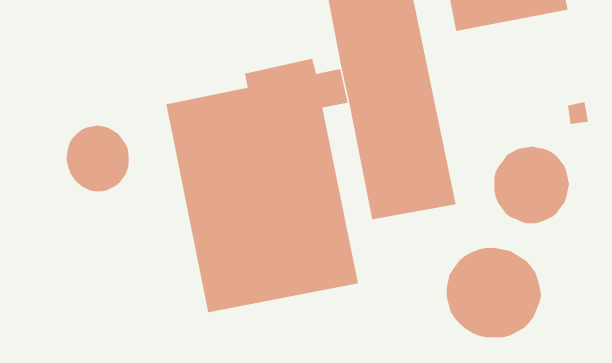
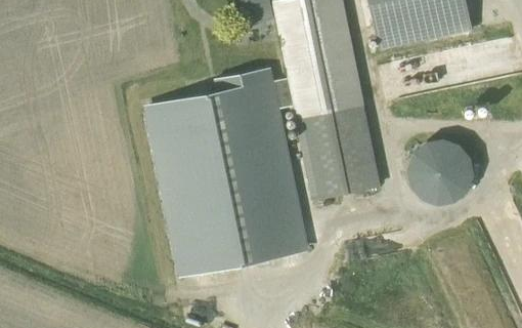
building: [66,125,129,192] -> none
building: [446,247,541,338] -> none

